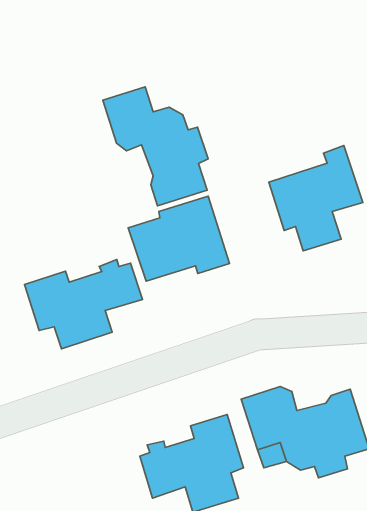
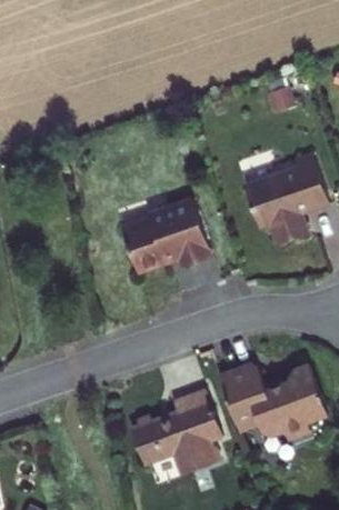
building: [103,87,208,206] -> none
building: [24,260,143,349] -> none

